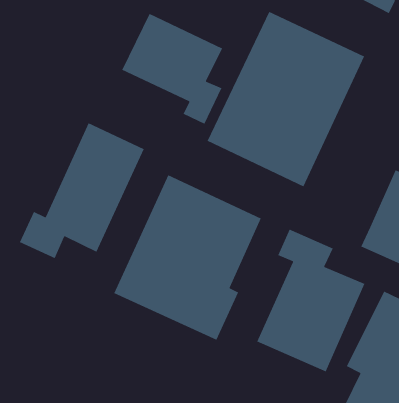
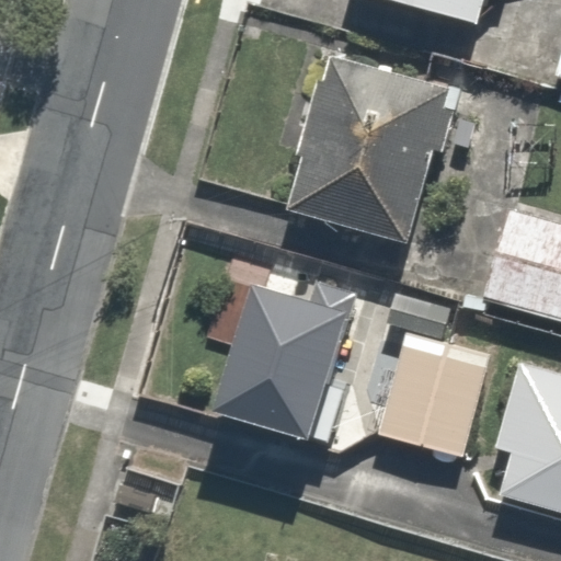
building: [121,13,223,125] -> none
building: [19,122,145,259] -> none

